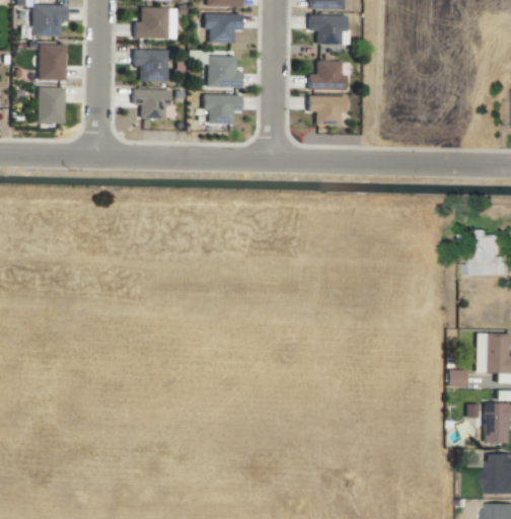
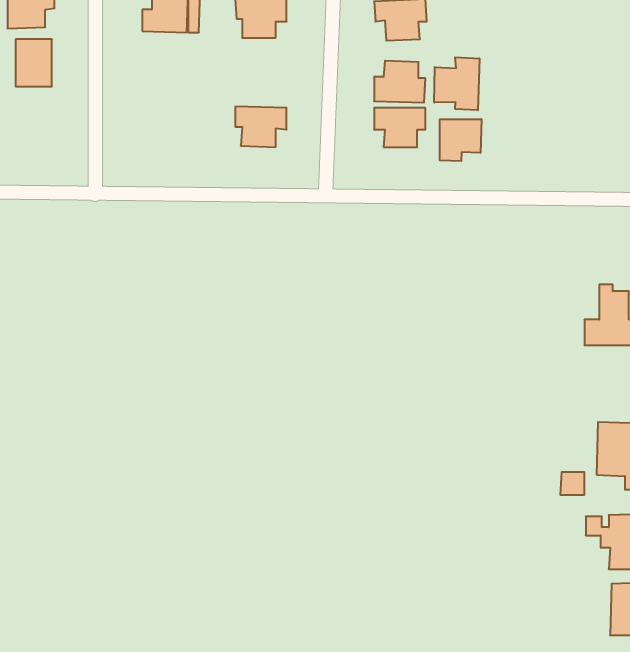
building: [133,49,169,80] -> none
building: [207,55,243,88] -> none
building: none -> [434,57,479,110]
building: [38,86,66,123] -> none
building: [133,88,170,118] -> none
building: none -> [440,119,481,161]

